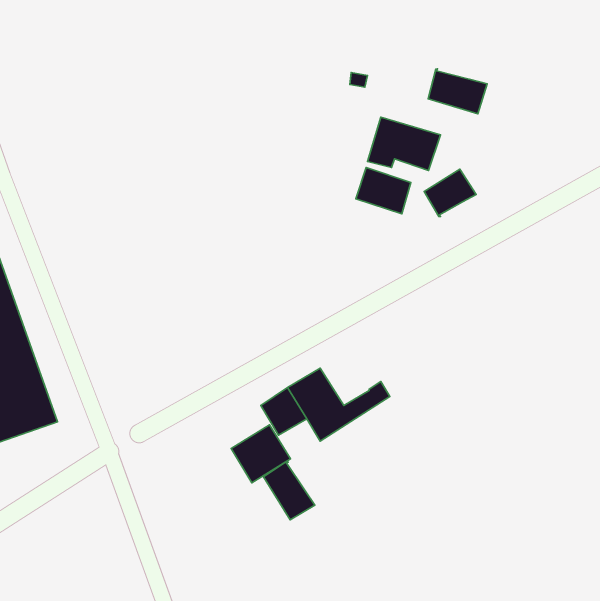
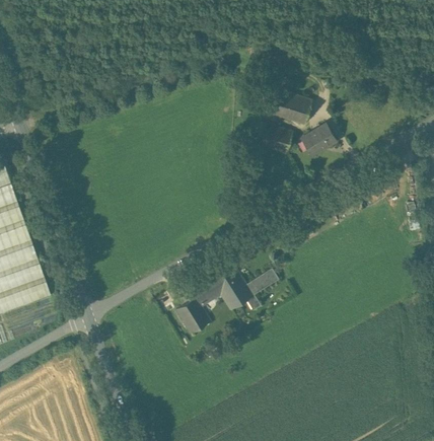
building: [428,69,487,114] -> none
building: [263,461,315,520] -> none

